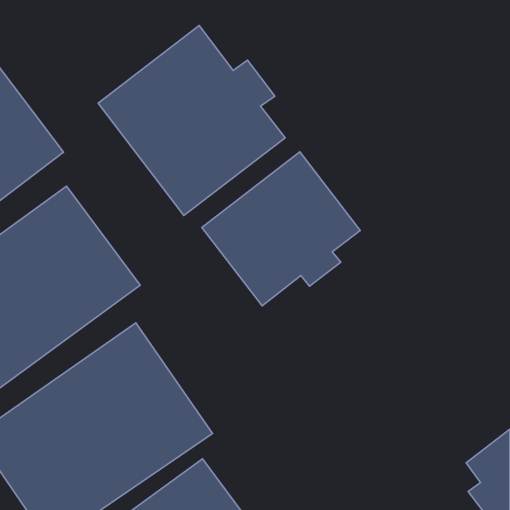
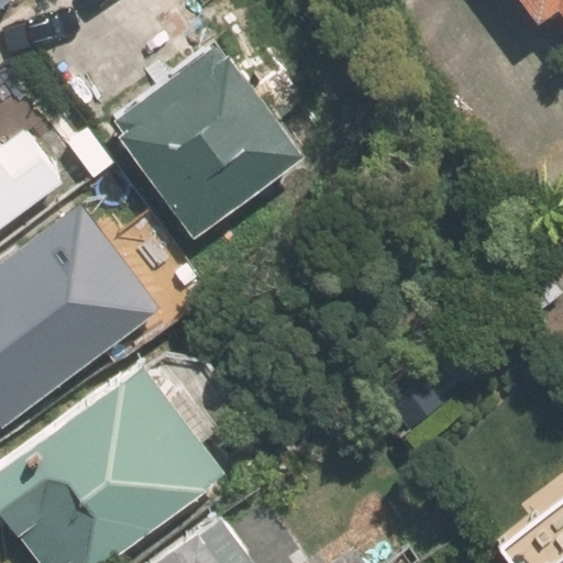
building: [202,152,360,306] -> none

